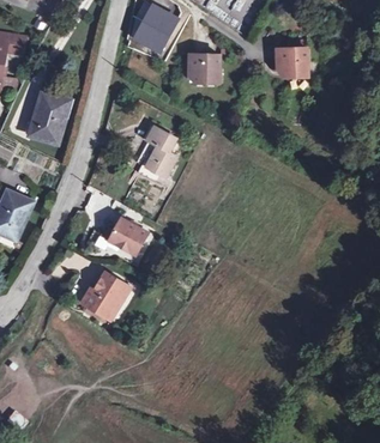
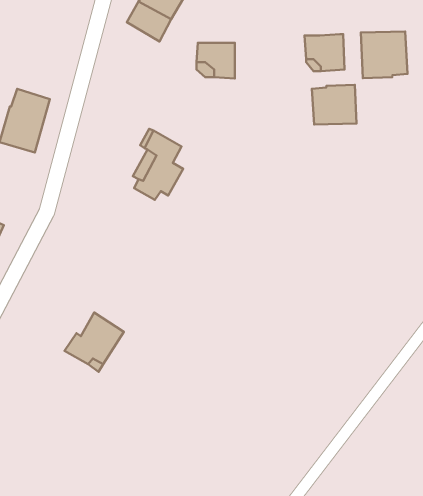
building: none -> [361,32,407,78]
building: none -> [312,85,356,124]
building: [109,218,147,255] -> none

